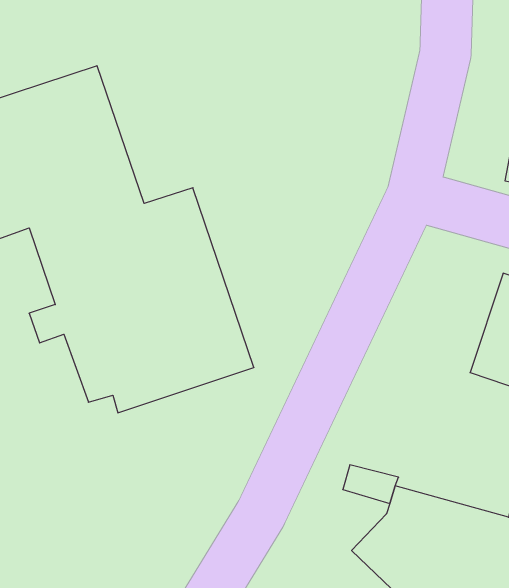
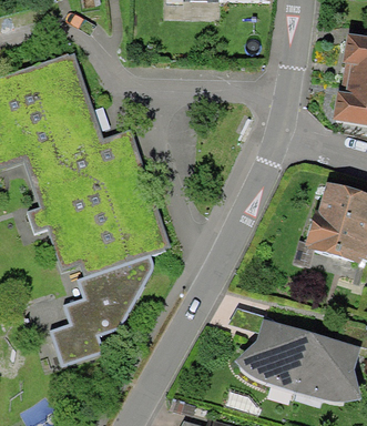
building: none -> [48,252,155,366]

